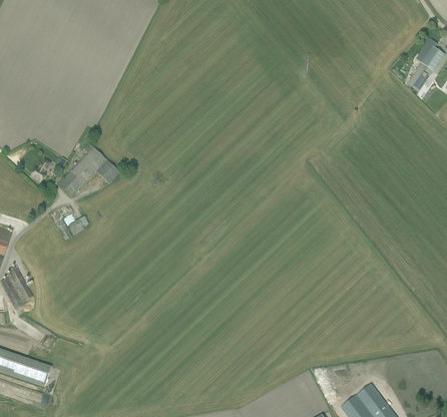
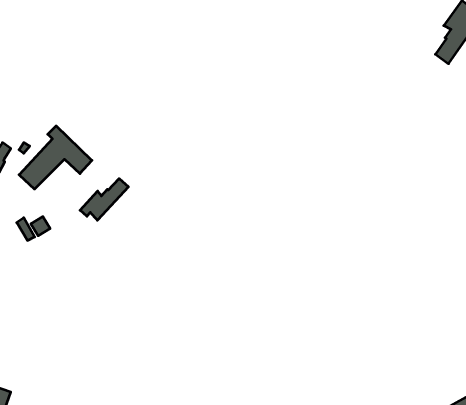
building: none -> [80,179,128,220]

